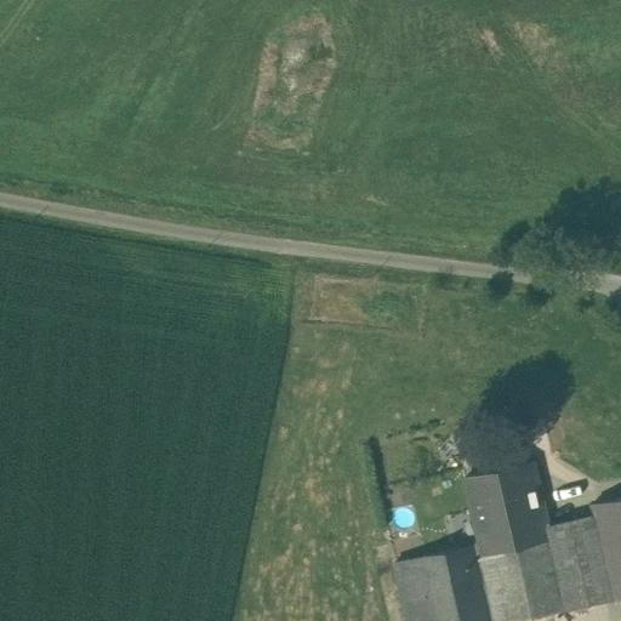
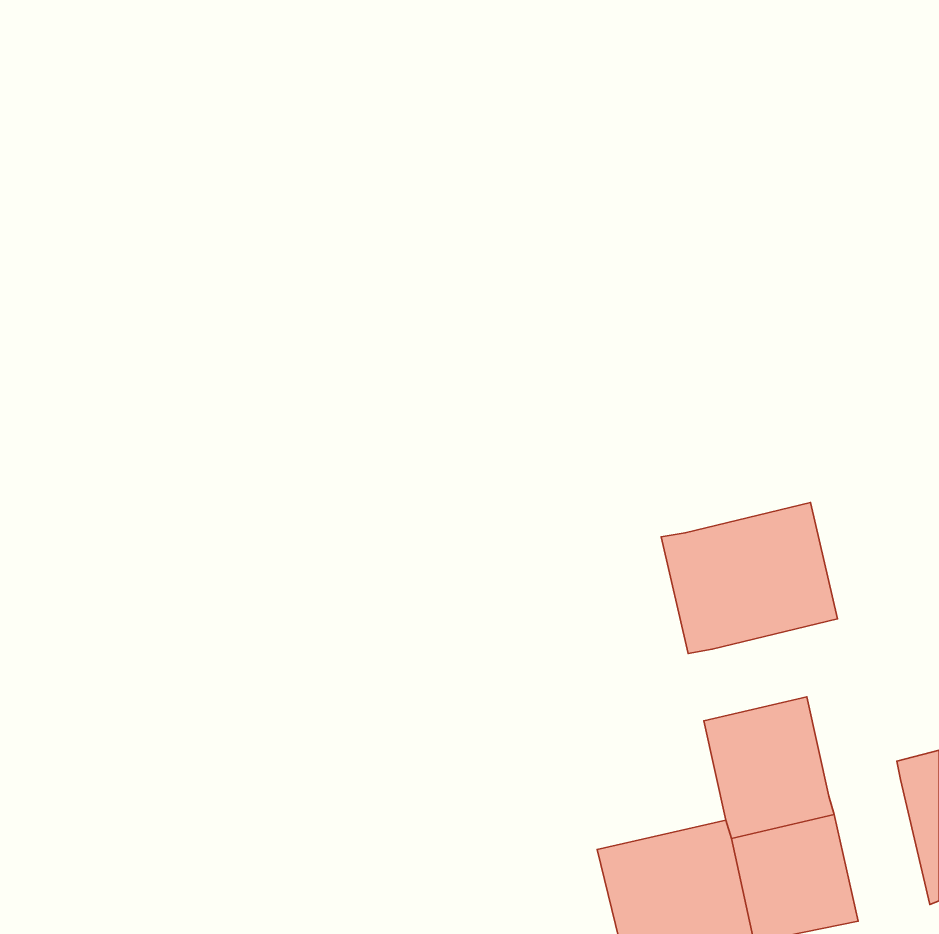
building: none -> [661,502,838,653]
building: [547,518,614,611] -> none

